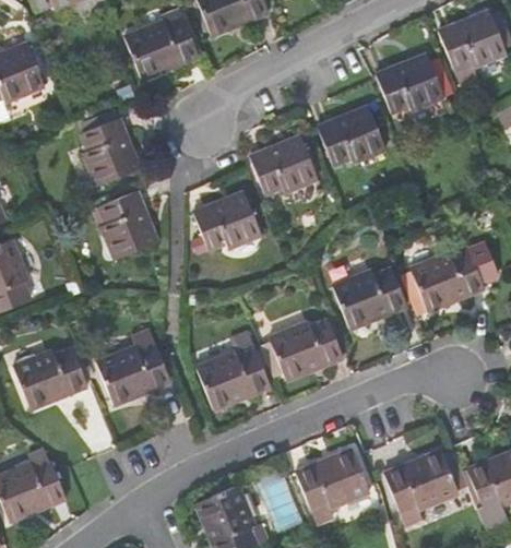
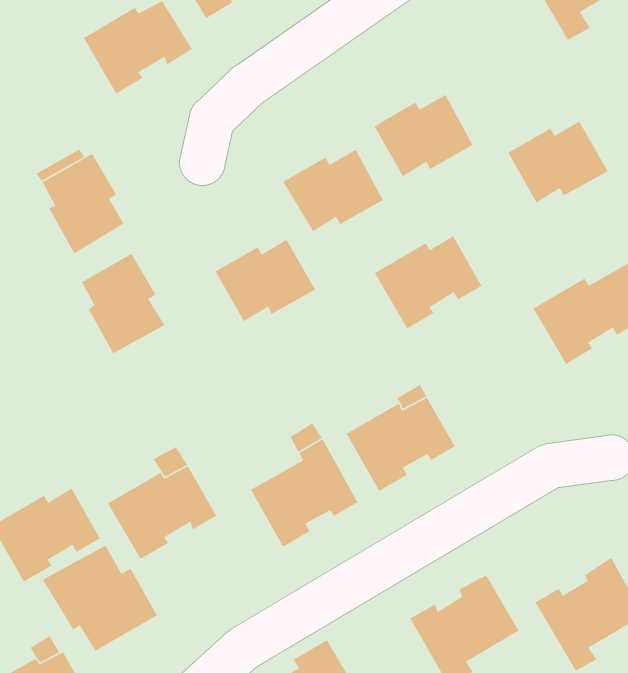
building: [376,59,444,112] -> [507,120,609,204]
building: [333,267,407,329] -> [374,235,483,330]
building: none -> [42,545,158,652]

